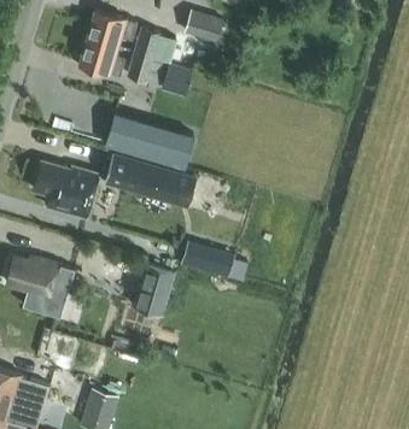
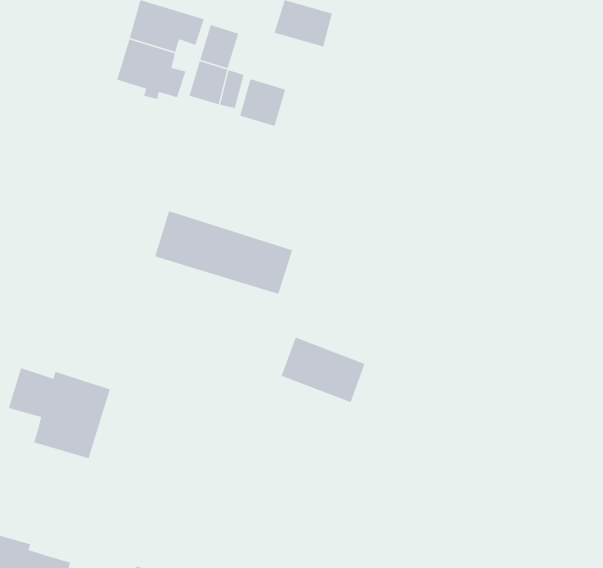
building: [105,111,194,168] -> none
building: [34,161,101,219] -> none
building: [132,263,175,315] -> none

